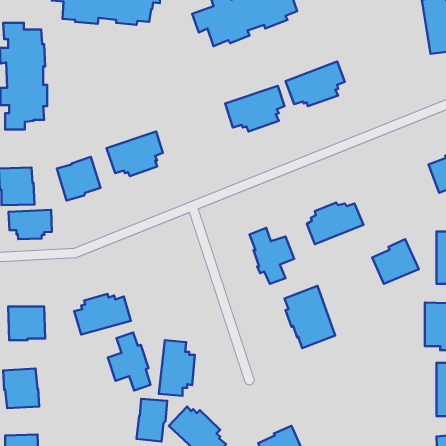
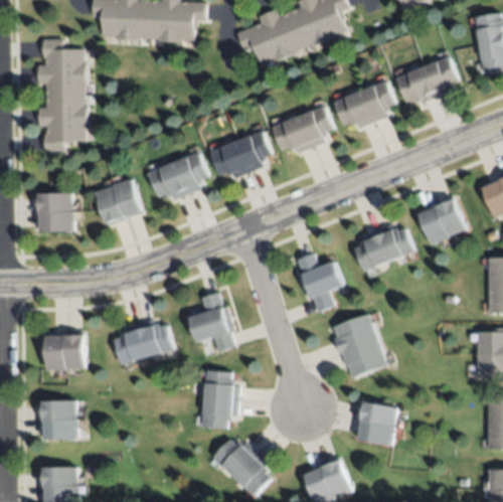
building: none -> [397,55,459,105]
building: none -> [210,131,271,177]
building: [9,210,52,239] -> none
building: [372,239,419,284] -> [418,196,467,242]
building: [108,332,151,391] -> [190,292,234,352]
building: none -> [357,398,396,443]
building: [136,399,167,441] -> none

